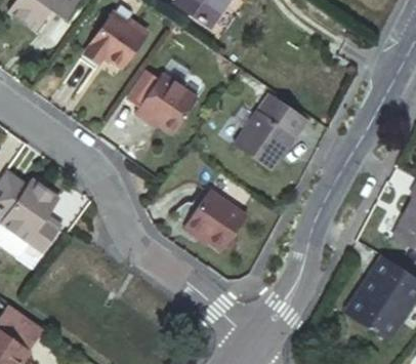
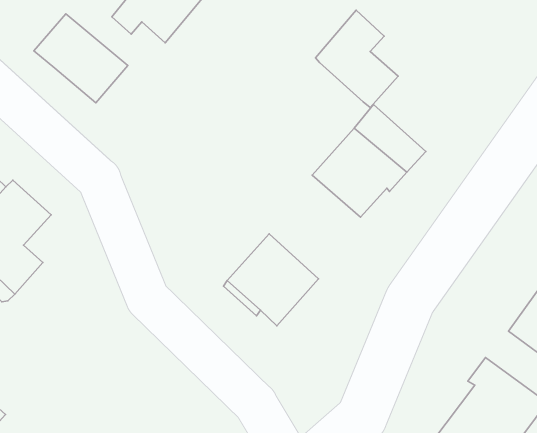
building: none -> [316,10,398,107]
building: none -> [34,14,128,103]
building: [135,73,198,133] -> none

